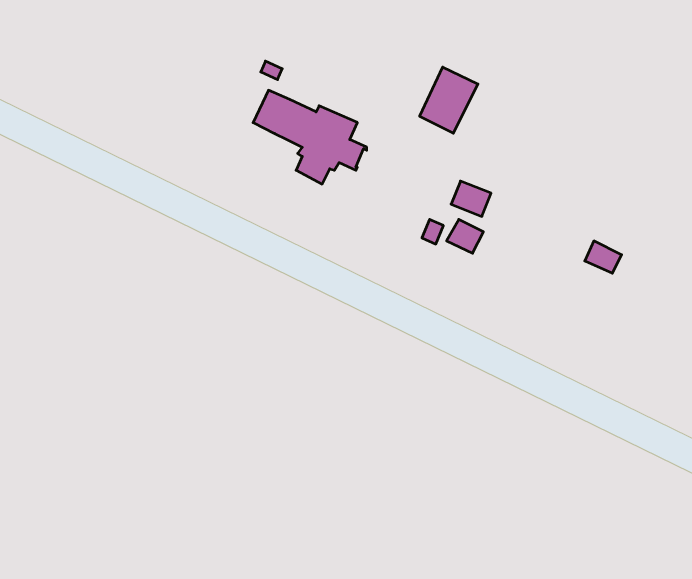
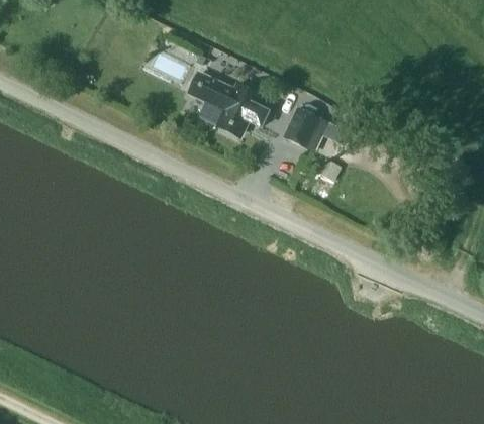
building: [420,67,478,133] -> [278,107,316,150]

